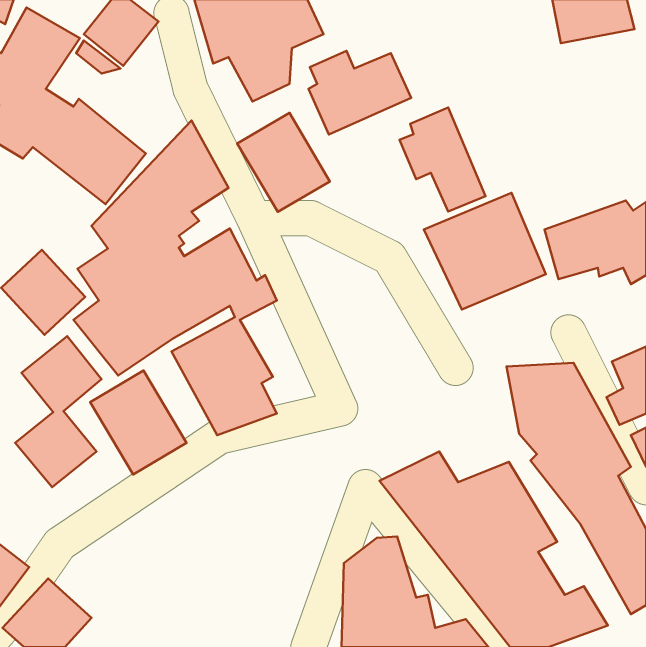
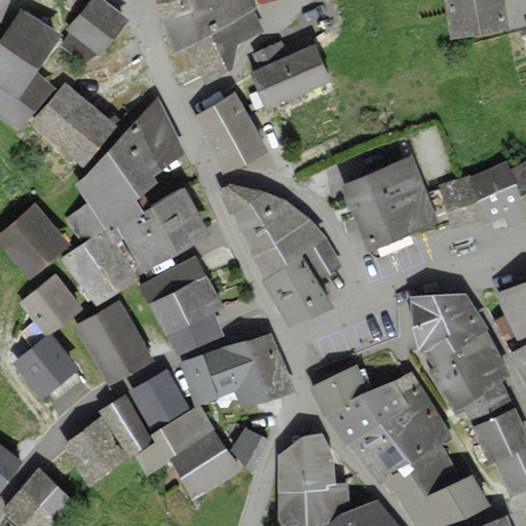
building: [400,108,486,212] -> none
building: none -> [218,183,341,326]
building: none -> [63,334,290,501]

